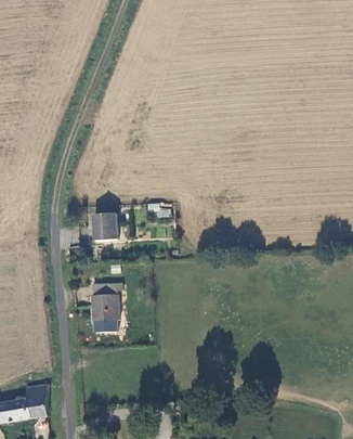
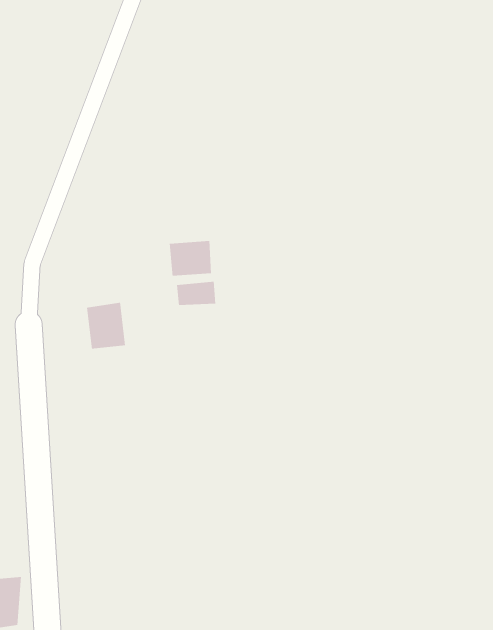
building: none -> [169,240,212,277]
building: [91,285,115,323] -> none

